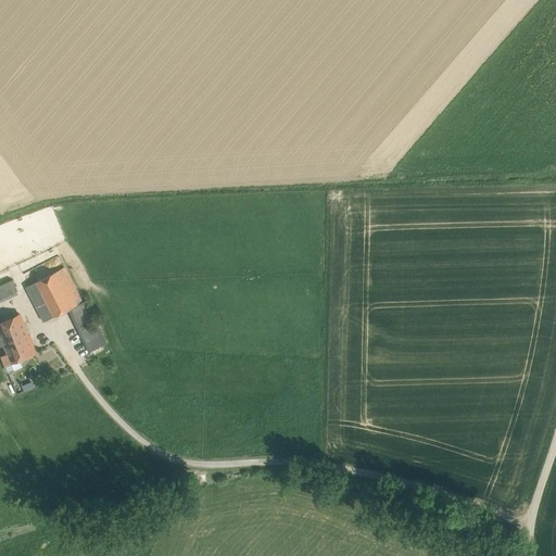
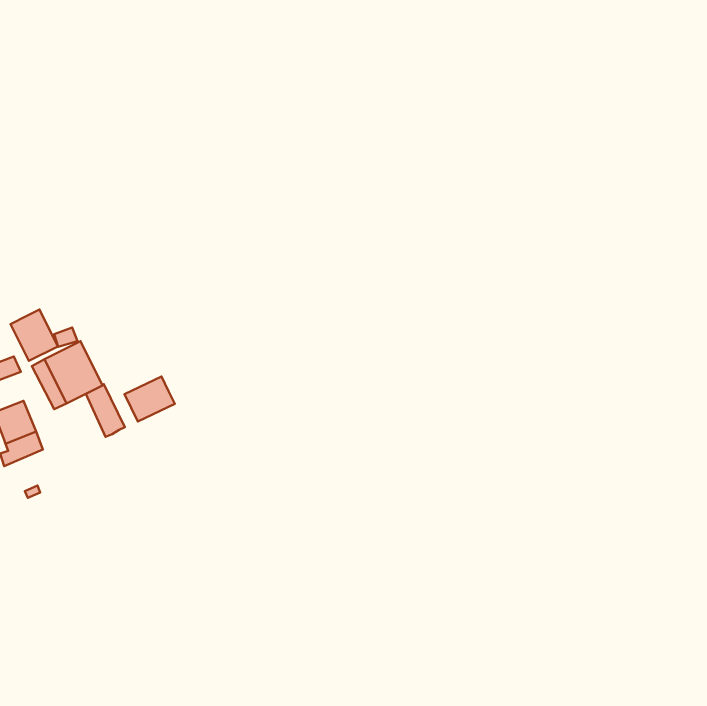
building: none -> [10,310,58,361]
building: none -> [125,376,175,422]

